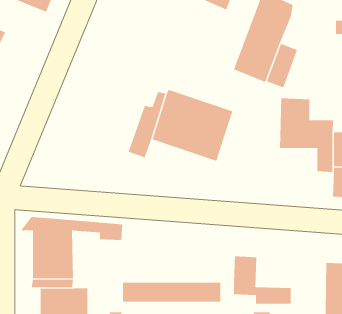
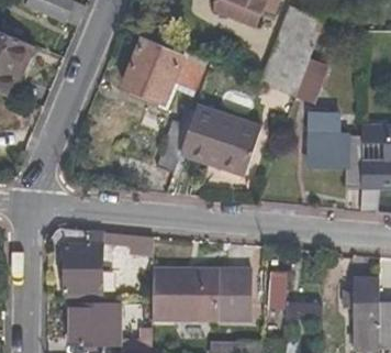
building: none -> [121,37,208,106]
building: none -> [150,266,249,297]

